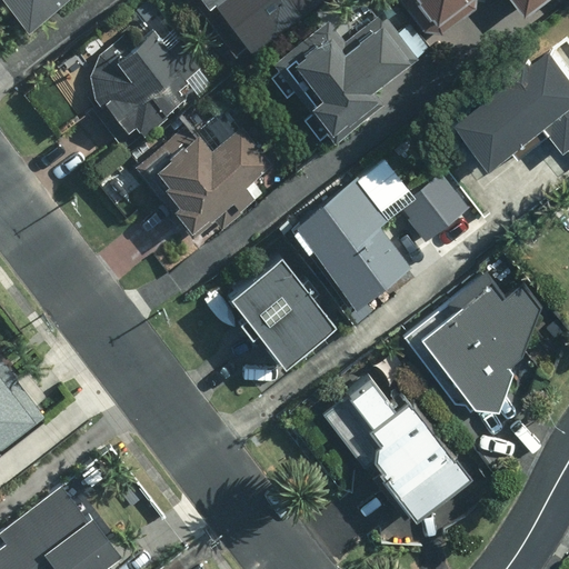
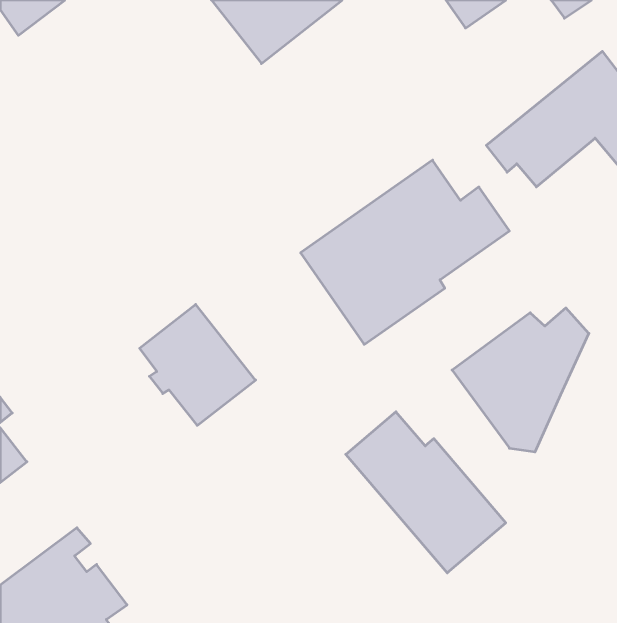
building: [270,19,435,143] -> none
building: [87,29,208,143] -> none
building: [136,111,276,237] -> none
building: [236,254,341,365] -> [140,304,256,425]

